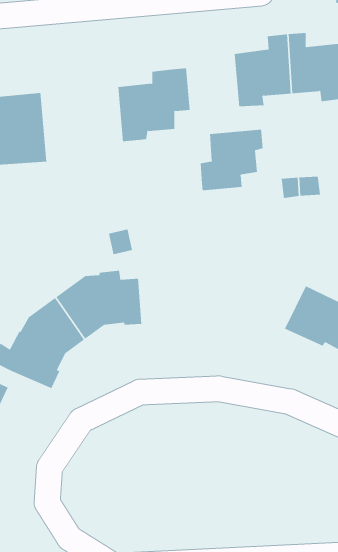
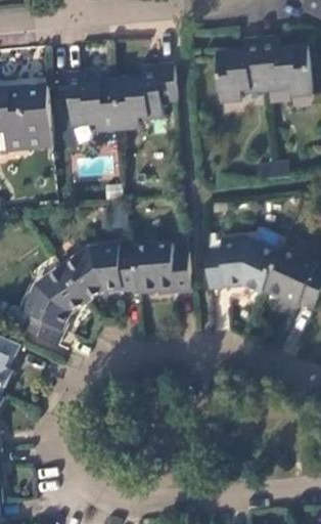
building: none -> [70,74,118,133]
building: [200,129,263,191] -> none
building: none -> [131,237,189,294]
building: none -> [203,241,277,294]

